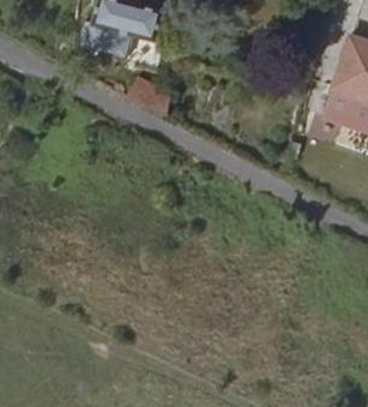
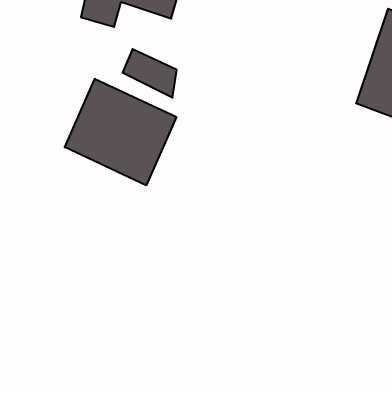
building: none -> [65,79,176,185]

